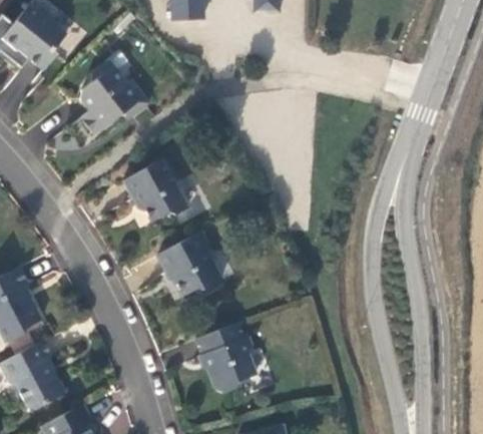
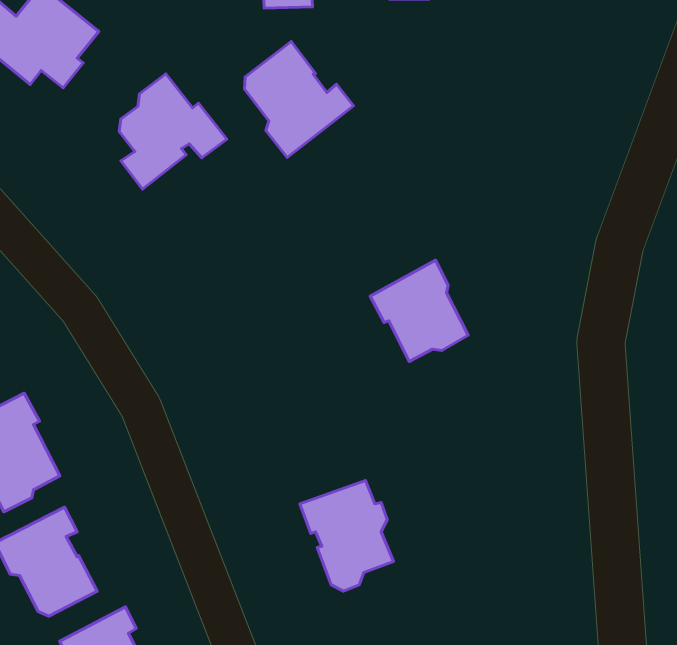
building: none -> [244,41,354,157]
building: [122,159,187,222] -> none
building: [157,232,220,297] -> [370,260,468,362]

